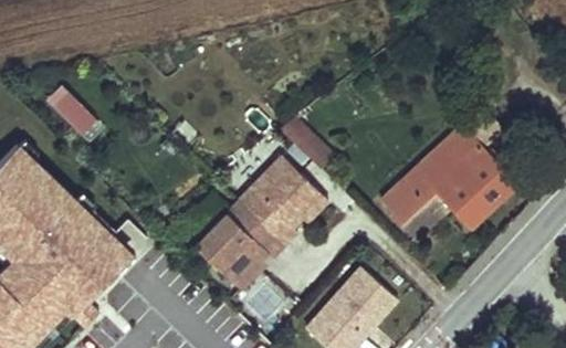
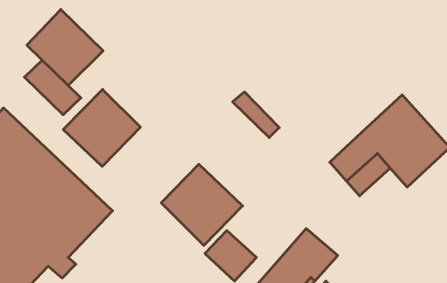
building: none -> [27,9,103,85]
building: none -> [63,89,140,166]
building: [235,155,331,249] -> none

